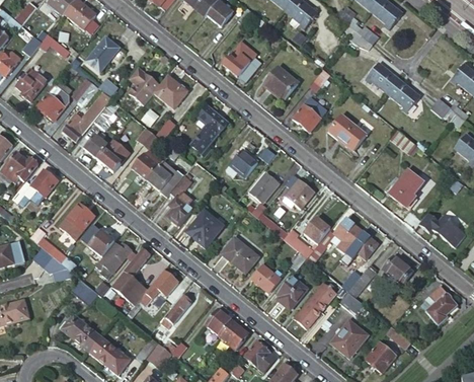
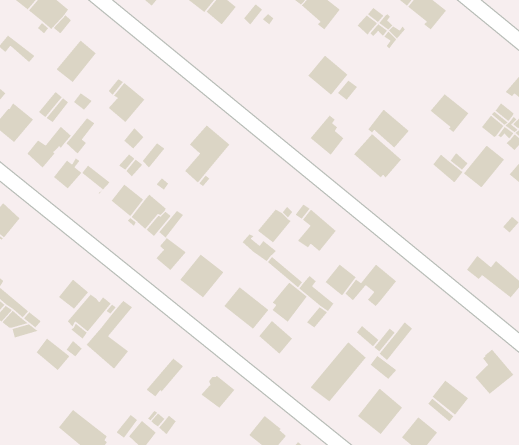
building: [222,42,260,82] -> none
building: [367,62,401,94] -> [367,108,410,148]
building: [263,66,297,99] -> [307,54,349,96]
building: [153,75,187,108] -> none
building: [96,145,124,172] -> none
building: [230,149,257,176] -> none
building: [389,169,423,205] -> [463,145,505,188]
building: [54,202,93,243] -> none
building: [350,232,378,259] -> none
building: [382,255,412,285] -> [431,379,469,416]
building: [125,269,177,318] -> none
building: [278,276,307,309] -> [272,281,308,323]
building: [58,313,100,351] -> none
building: [219,320,248,349] -> none

